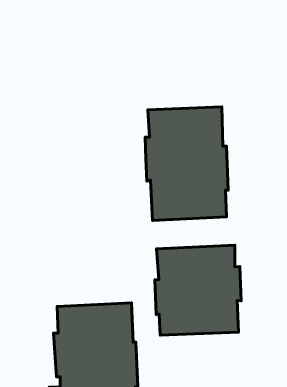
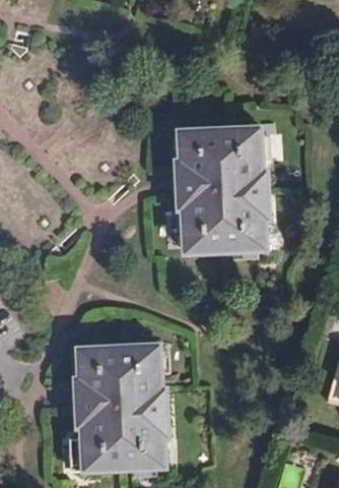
building: [155,245,241,335] -> none

